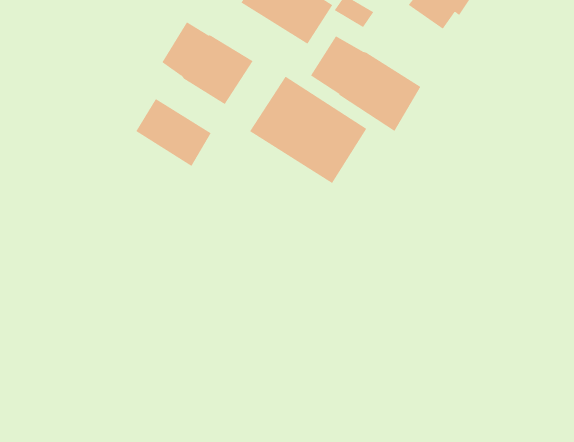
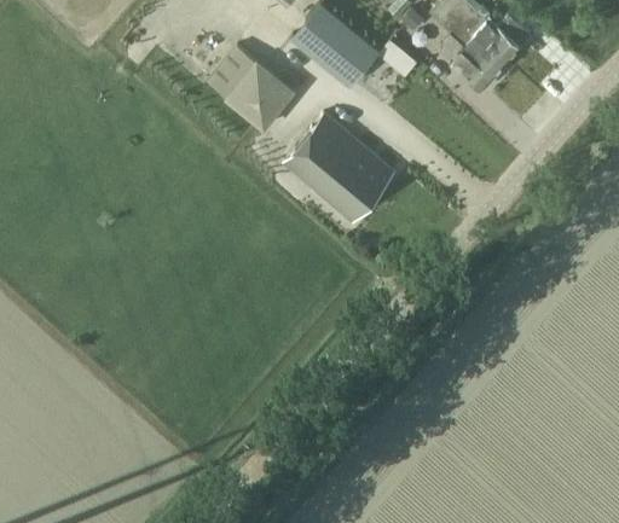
building: [310,35,421,132] -> none
building: [136,98,211,167] -> none

